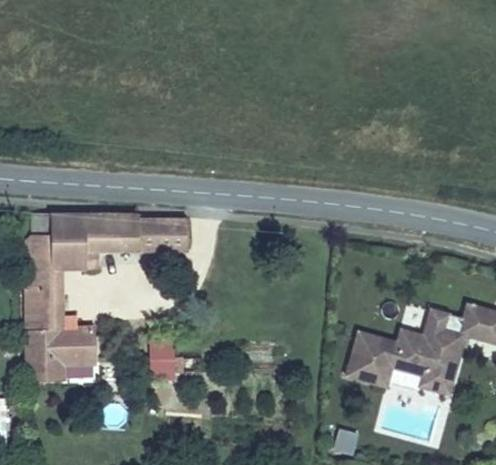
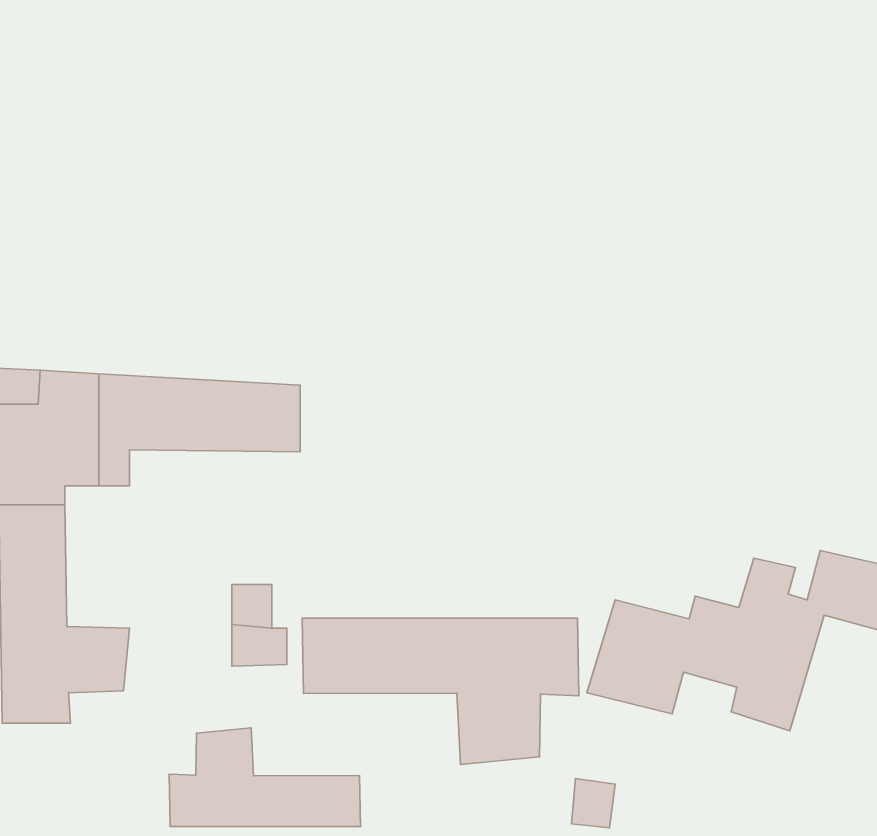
building: none -> [302,618,579,764]
building: none -> [169,728,361,826]

